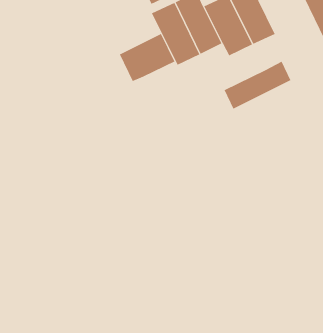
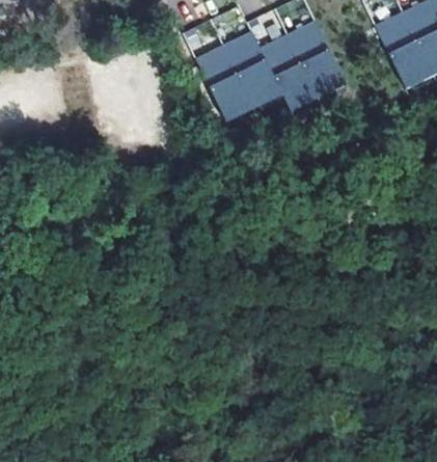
building: [119,33,175,82] -> none
building: [224,61,291,109] -> none

